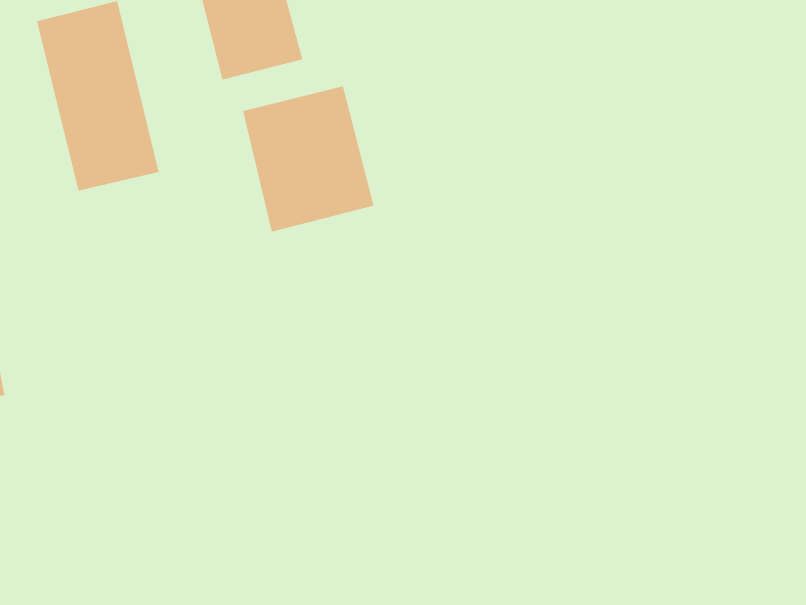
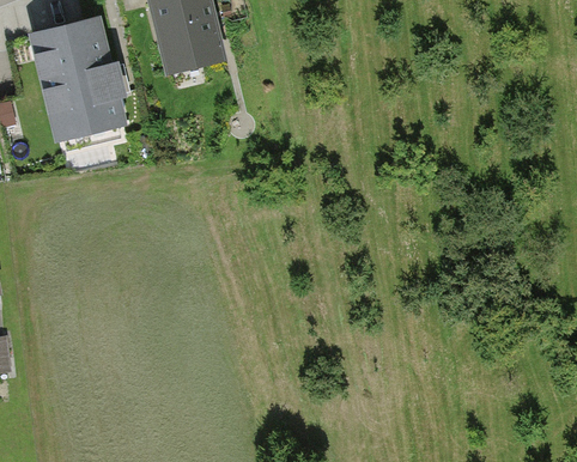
building: [242,85,374,232] -> none

